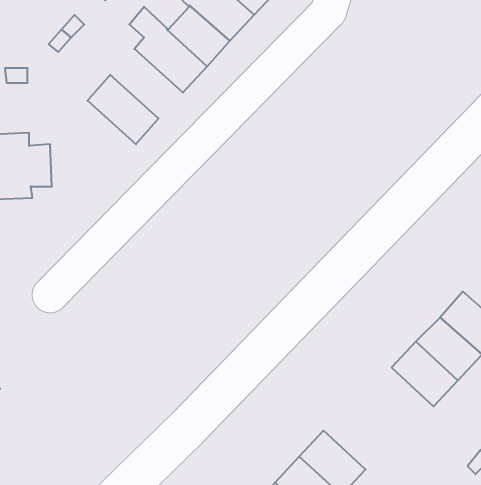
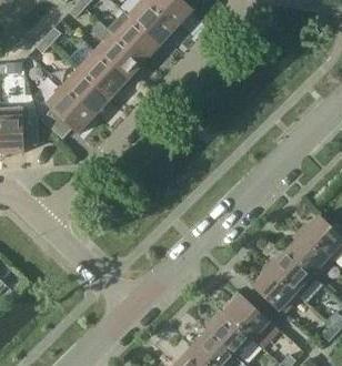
building: none -> [78,50,128,98]
building: none -> [41,85,95,138]
building: none -> [254,268,300,314]
building: none -> [224,294,269,338]

